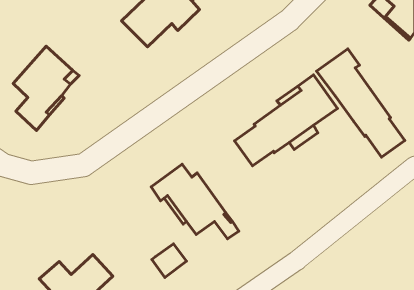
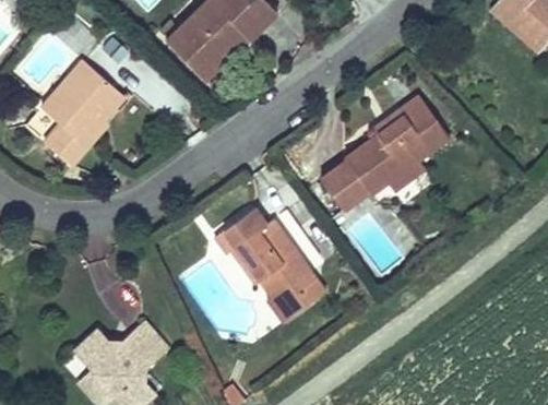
building: none -> [166,28,247,80]
building: [317,49,405,157] -> none
building: [152,244,187,278] -> [267,281,311,323]

